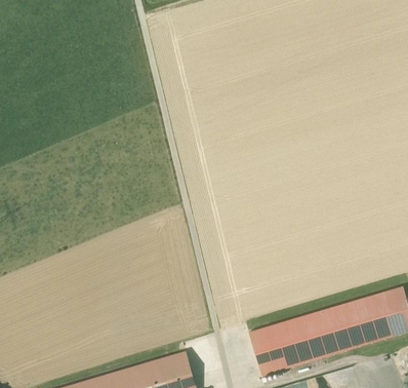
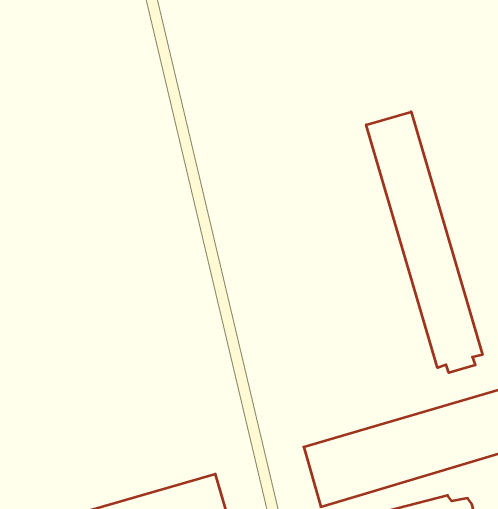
building: none -> [366,112,482,373]

